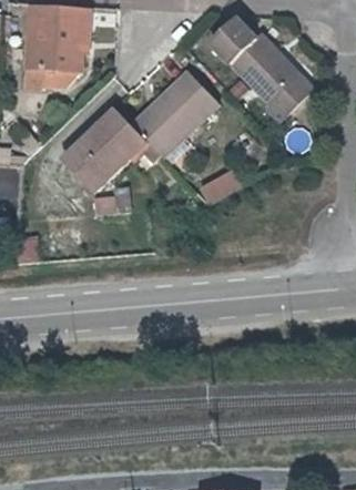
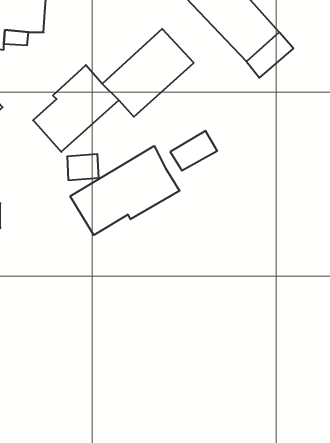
building: none -> [70,146,180,235]

